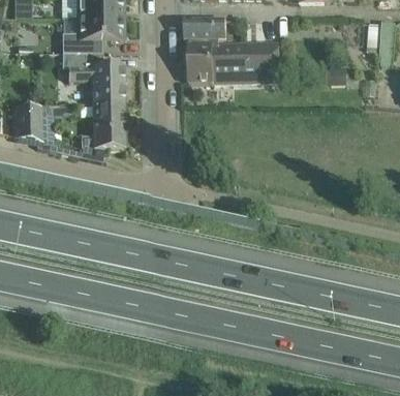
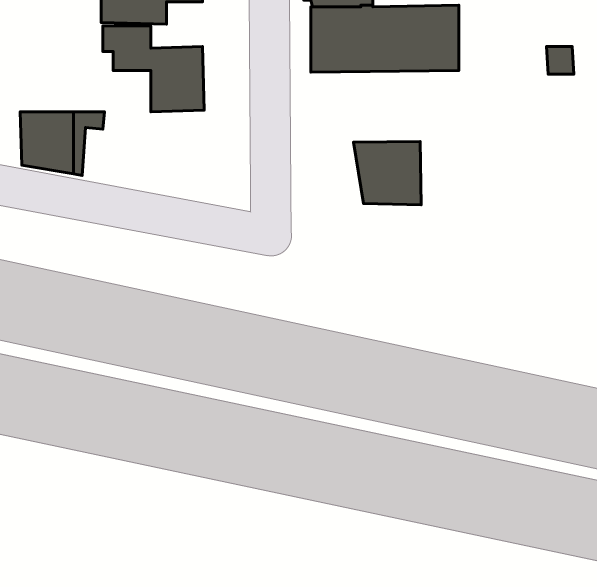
building: [80,104,125,149] -> none
building: none -> [353,141,421,205]

